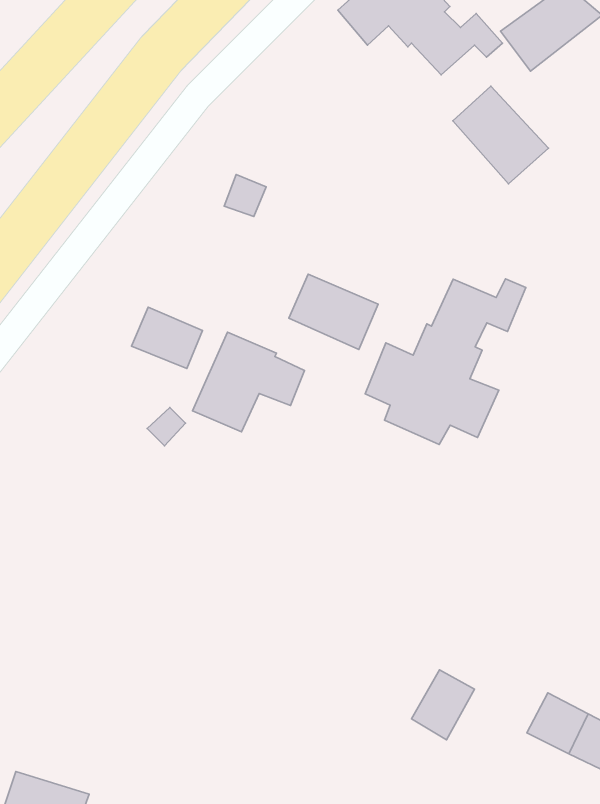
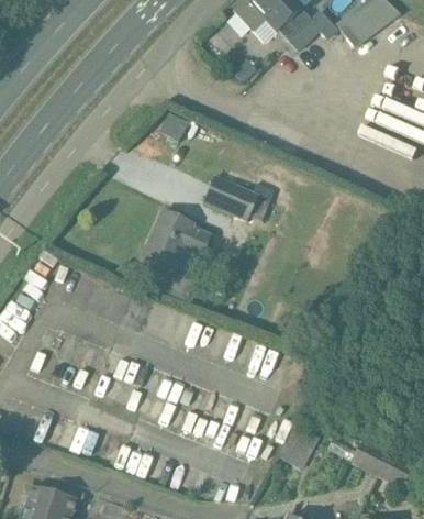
building: [453,86,549,184] -> none
building: [365,279,526,445] -> none
building: [131,307,203,368] -> none

